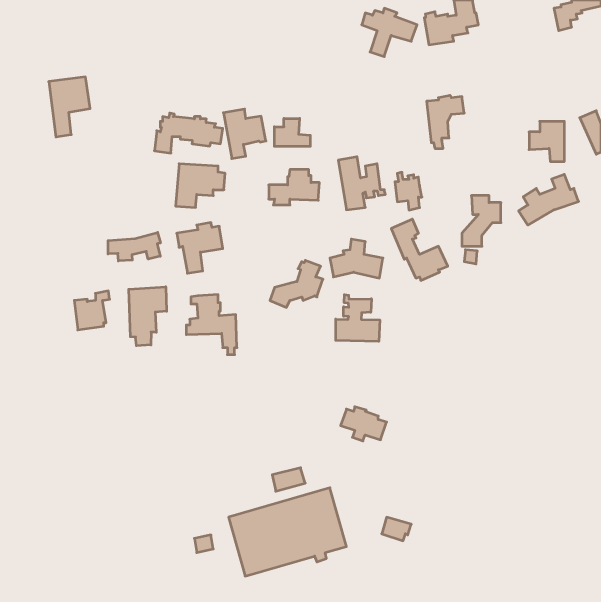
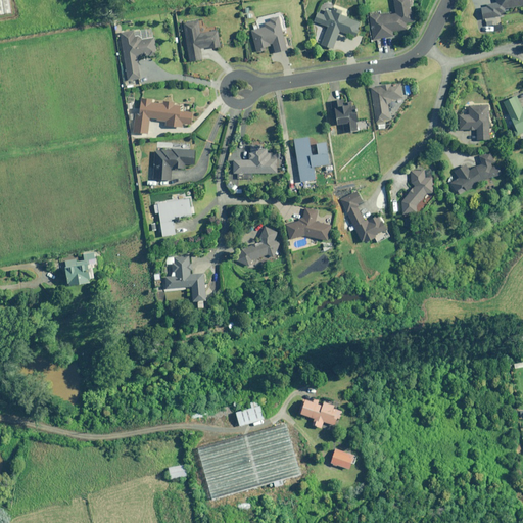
building: none -> [250,16,287,54]
building: [49,77,90,137] -> [121,28,156,80]
building: [223,109,266,159] -> [183,19,220,62]
building: [274,118,310,146] -> none
building: [395,172,422,210] -> [336,99,360,132]
building: [108,232,160,261] -> none
building: [129,287,167,346] -> none
building: [336,295,380,341] -> none
building: [341,407,387,441] -> [301,398,341,428]

